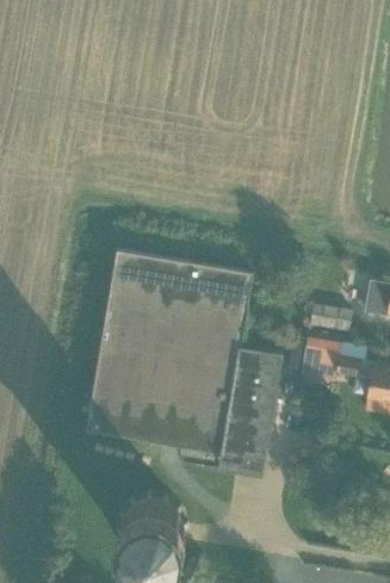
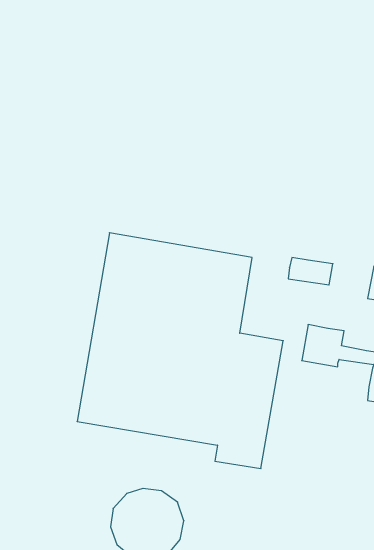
building: [310,305,353,331] -> [288,258,333,285]

